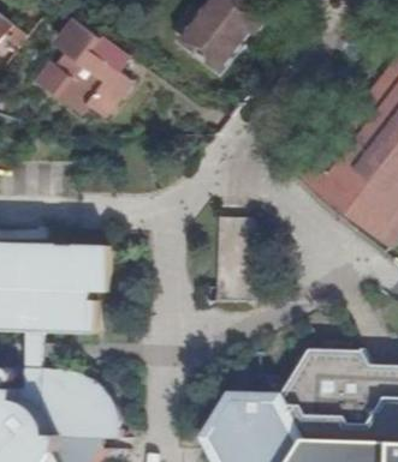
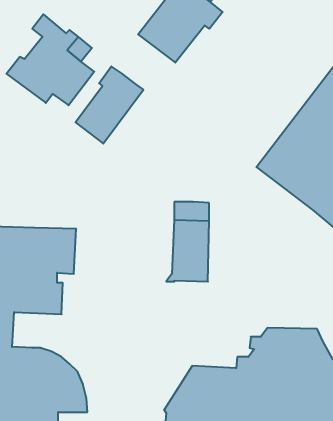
building: none -> [76,66,143,144]

